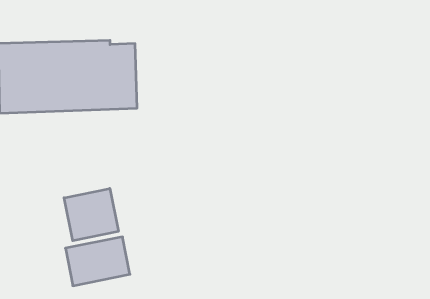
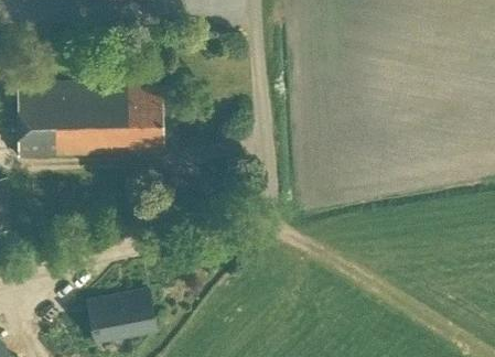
building: [64,188,118,241] -> none

